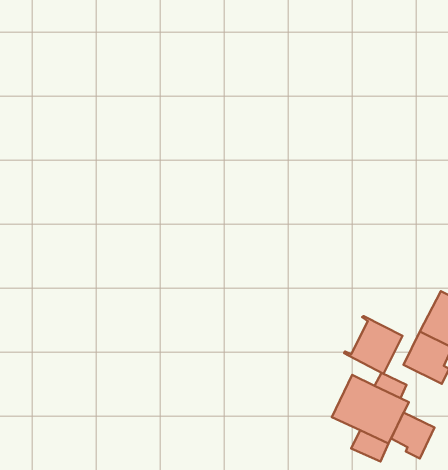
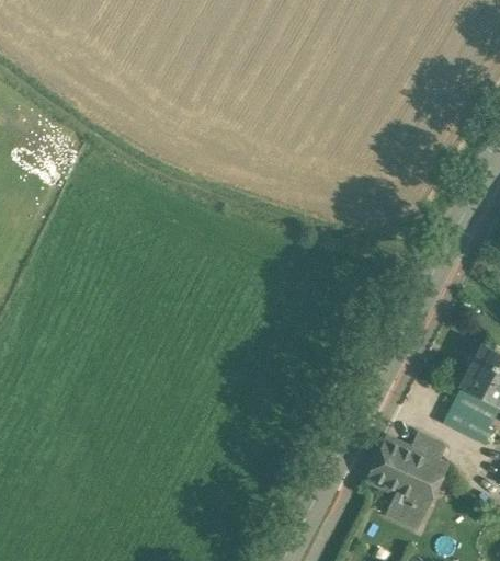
building: [344,316,403,374] -> none
building: [391,413,435,459] -> none

